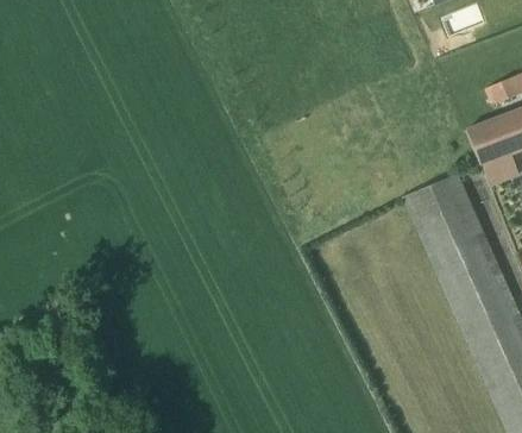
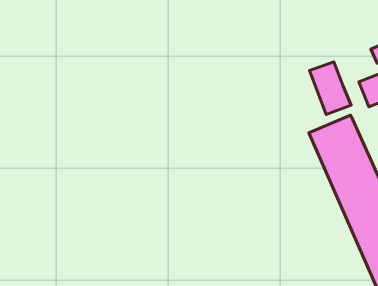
building: none -> [309,62,351,115]

